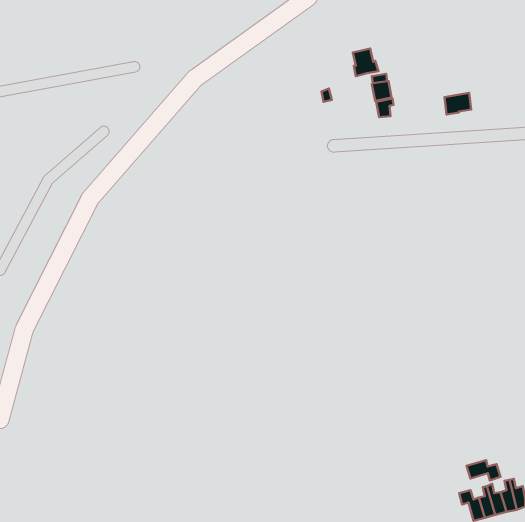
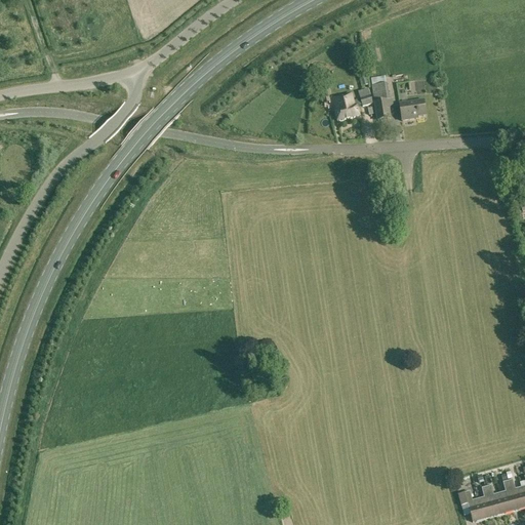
building: [353,48,378,76] -> [334,91,360,119]
building: [444,93,471,115] -> [400,97,427,119]
building: [467,460,500,480] -> none

